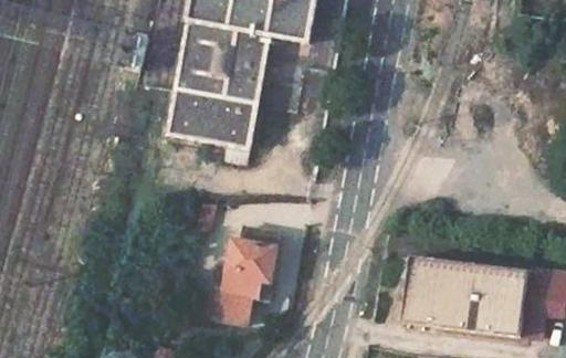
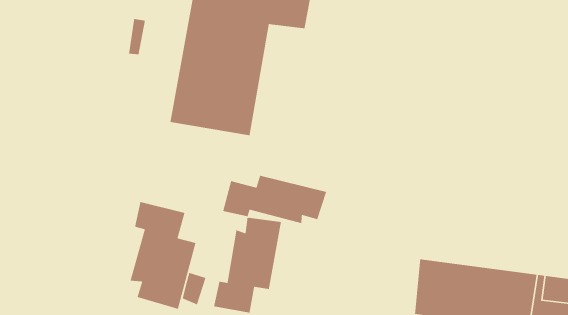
building: none -> [222,175,327,224]
building: none -> [129,201,196,310]

